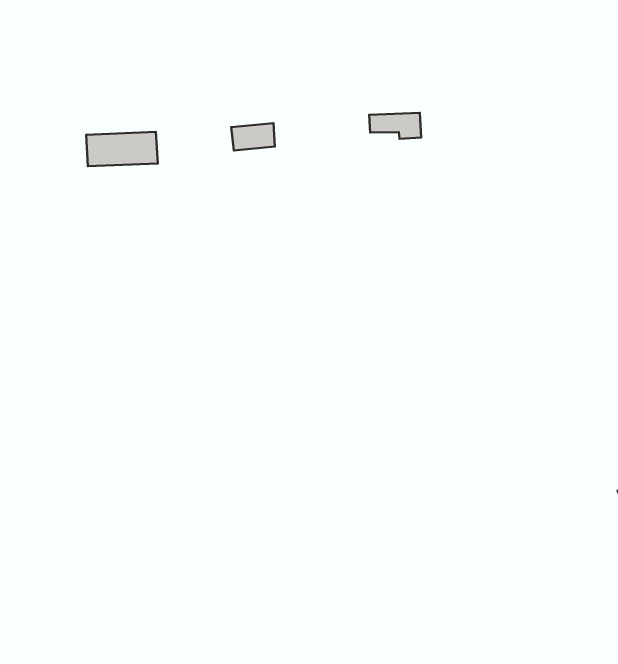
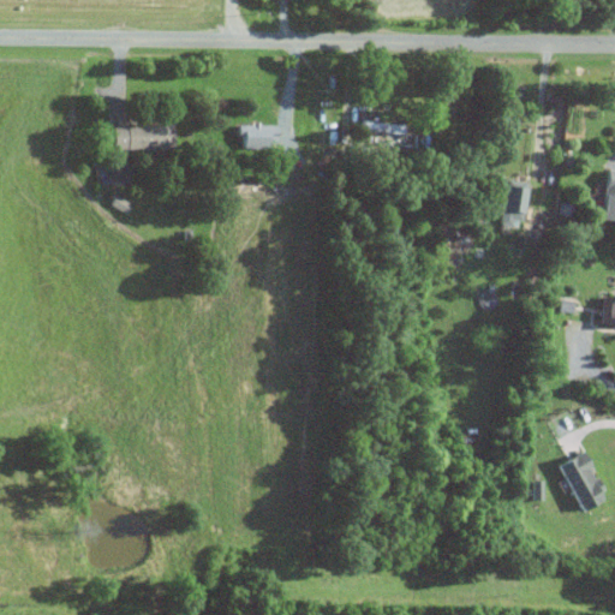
building: none -> [503,178,531,225]

